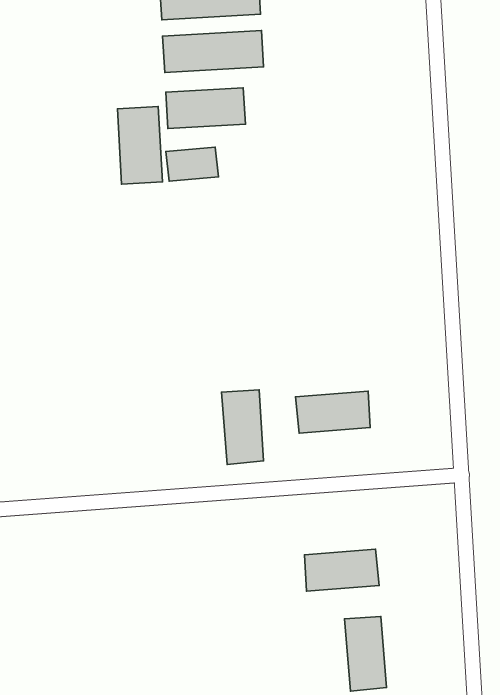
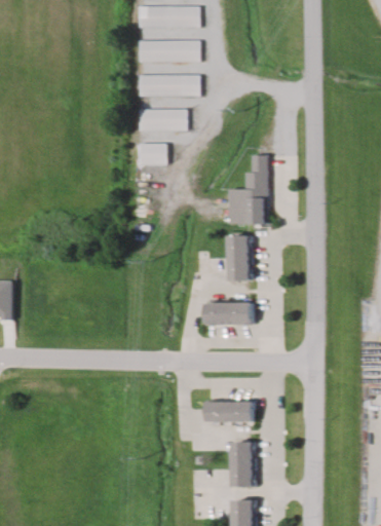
building: [117,106,163,184] -> none
building: none -> [228,154,269,224]
building: [221,390,263,464] -> [227,237,251,283]

